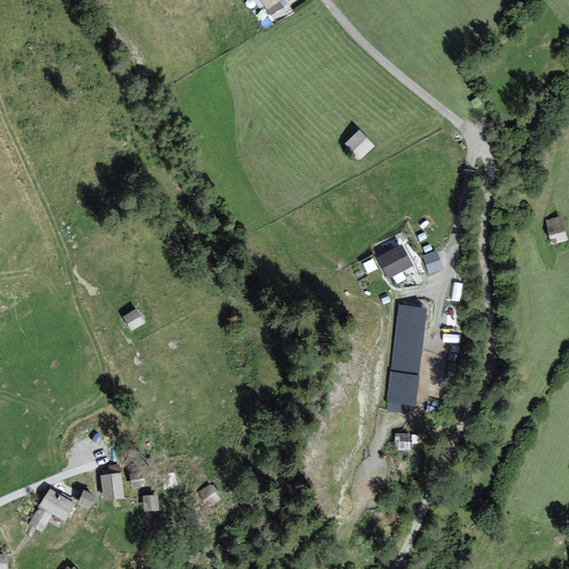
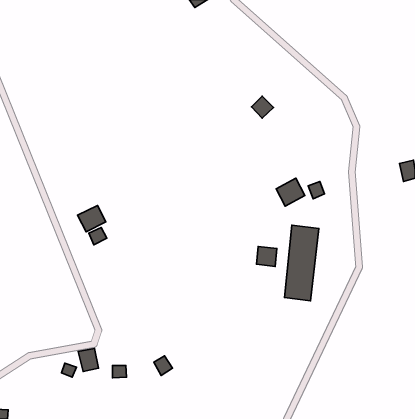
building: none -> [78,205,106,232]
building: none -> [256,247,277,266]
building: [27,486,78,531] -> none

